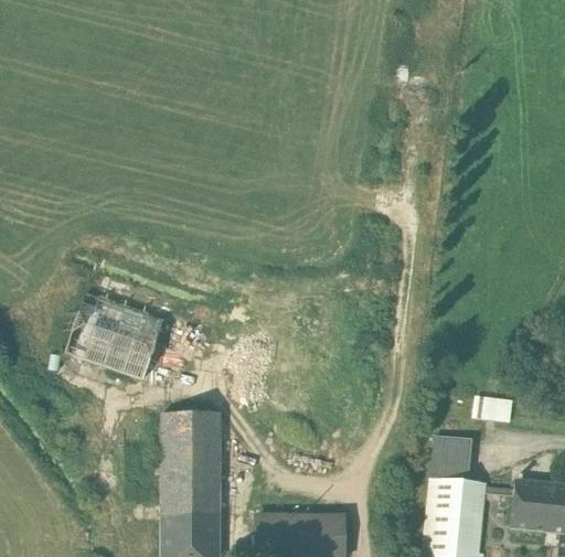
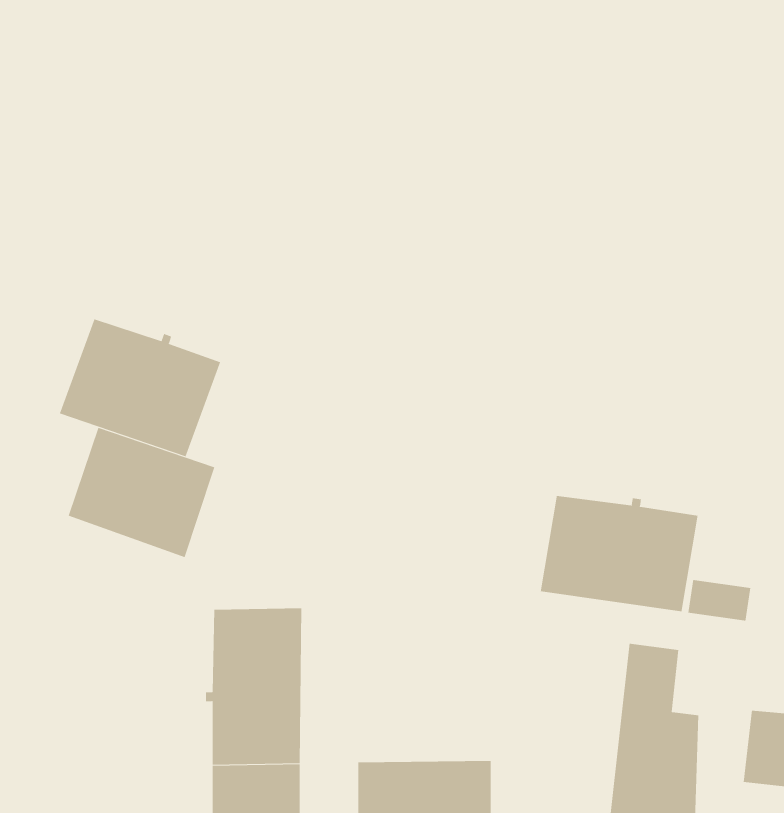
building: none -> [59,318,221,457]
building: none -> [540,495,698,612]

